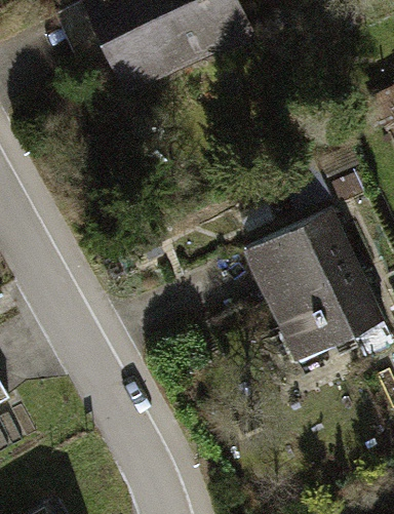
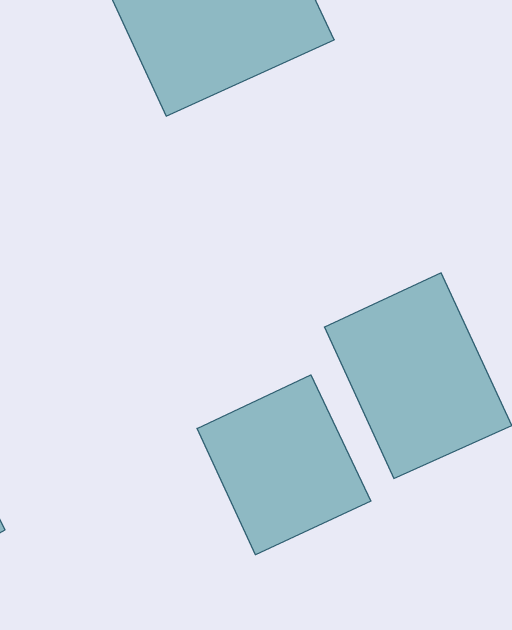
building: none -> [197,375,371,555]

